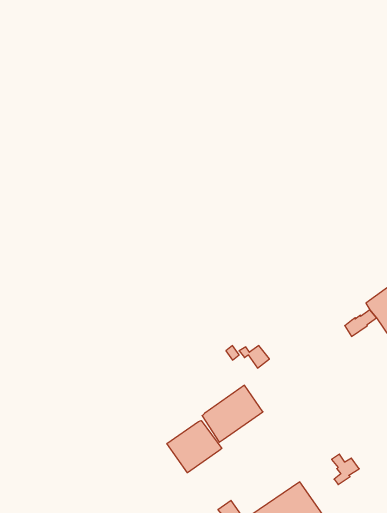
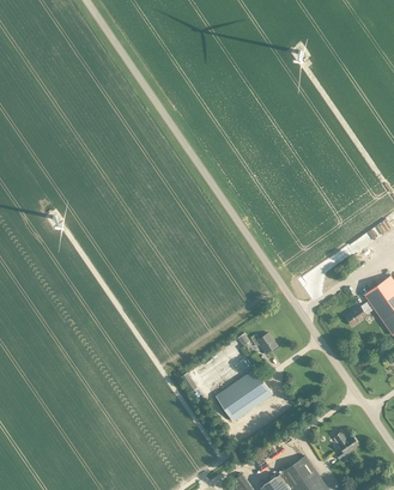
building: [167,421,222,473] -> none

